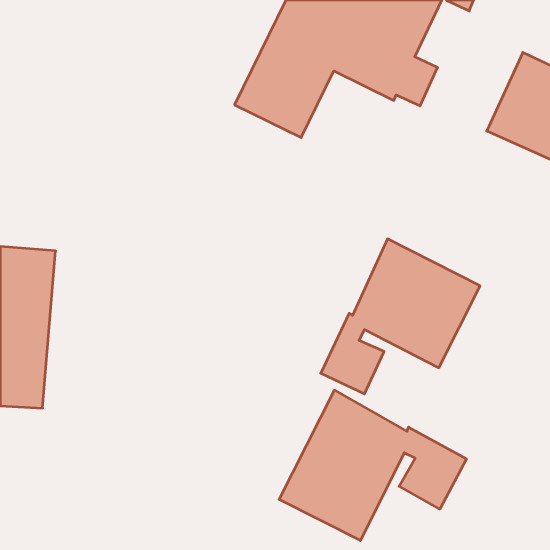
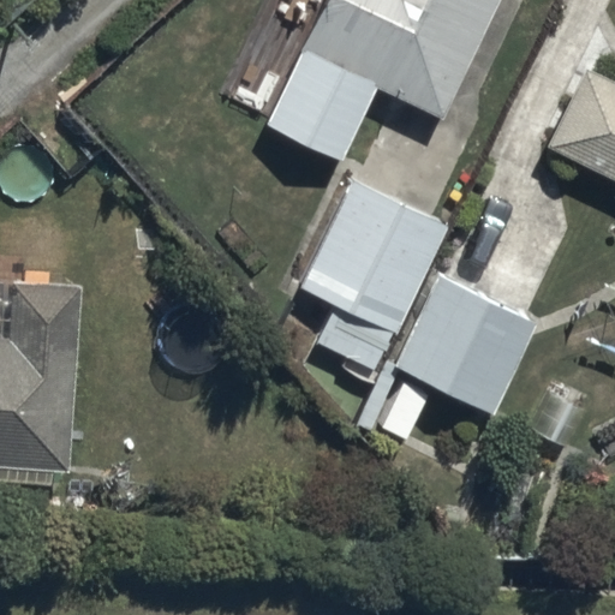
building: none -> [305,183,444,328]
building: [279,390,466,541] -> none

